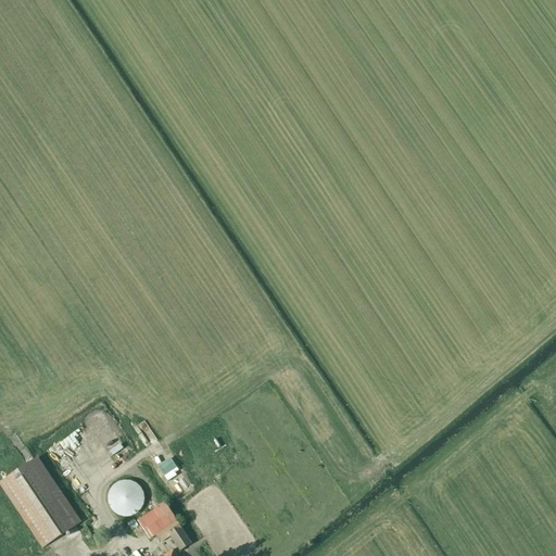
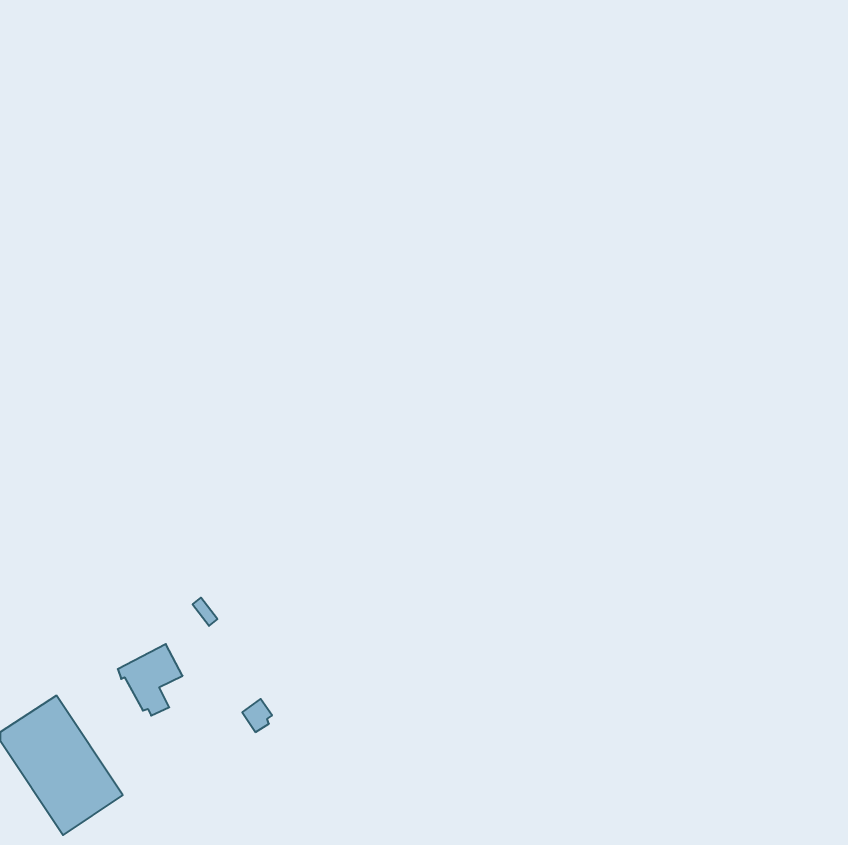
building: [108,479,143,515] -> none
building: [138,501,191,548] -> none

